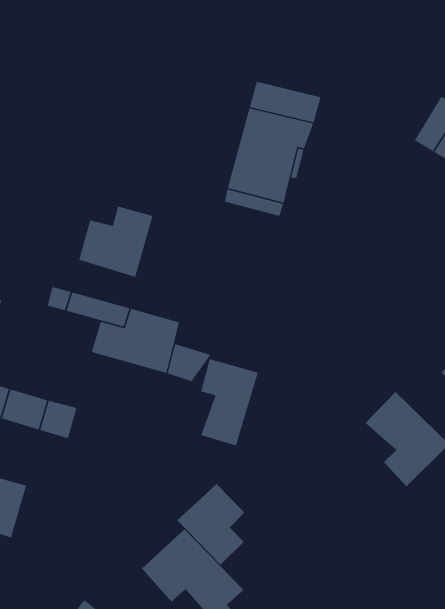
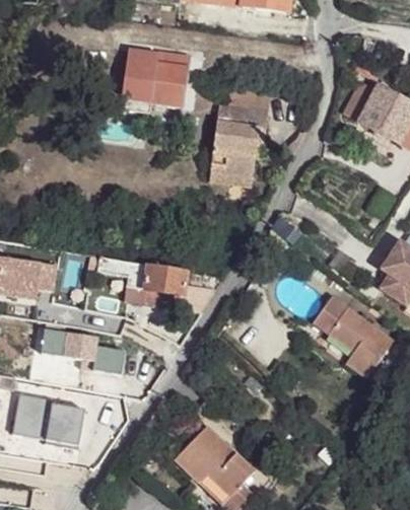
building: none -> [125,49,187,107]
building: [78,206,153,278] -> none
building: [200,358,259,447] -> none
building: [177,483,245,565] -> none

